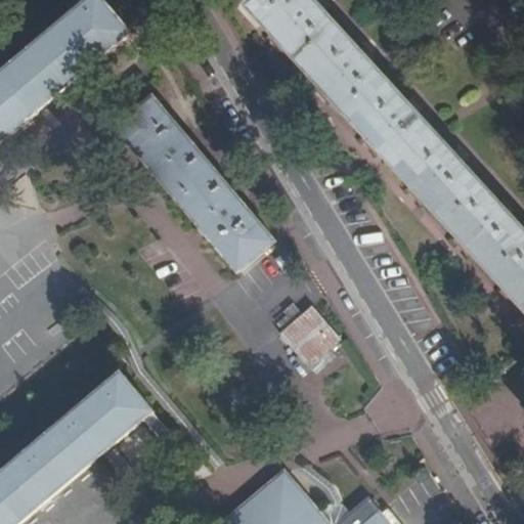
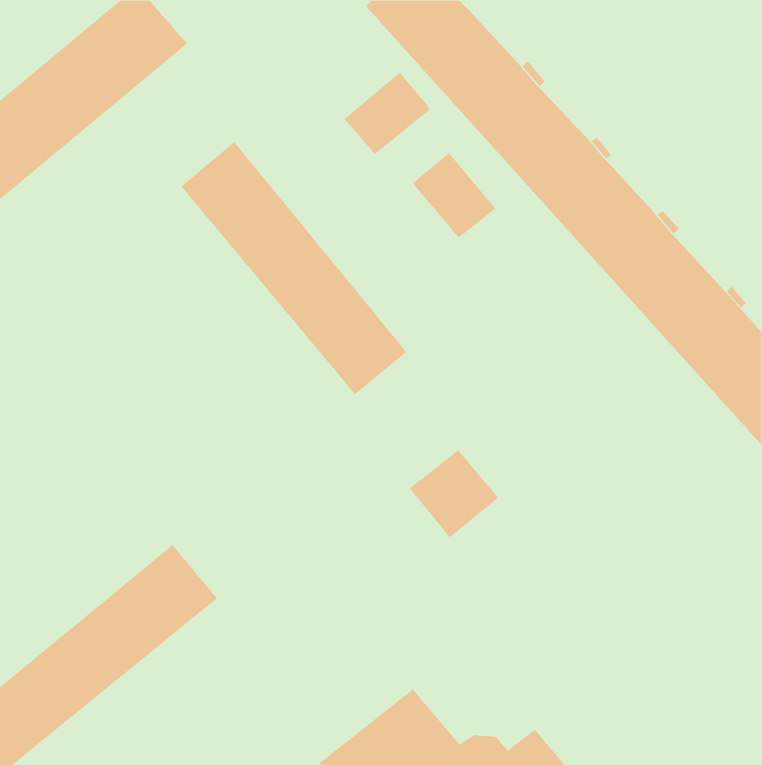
building: none -> [343,72,431,155]
building: none -> [412,152,496,238]

